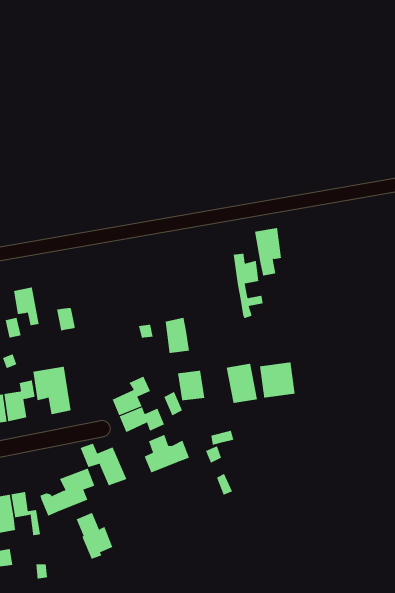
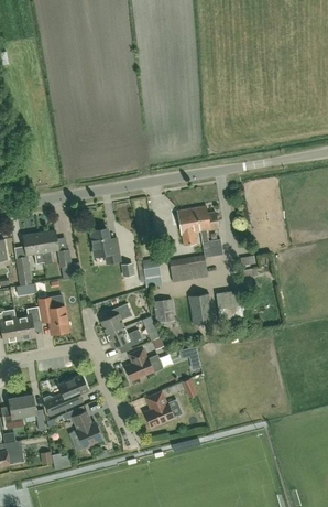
building: [254,227,282,276] -> [178,207,200,246]
building: none -> [91,228,121,262]
building: none -> [39,229,58,263]
building: none -> [171,256,209,283]
building: [80,443,127,486] -> none
building: none -> [145,392,174,428]

